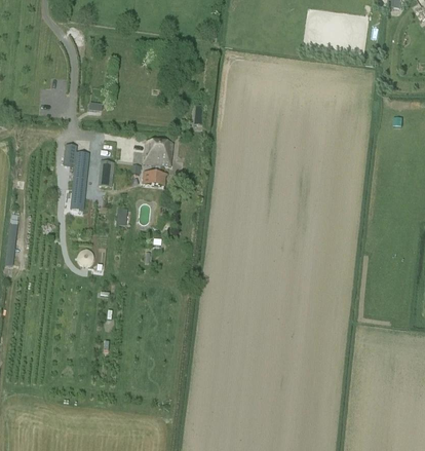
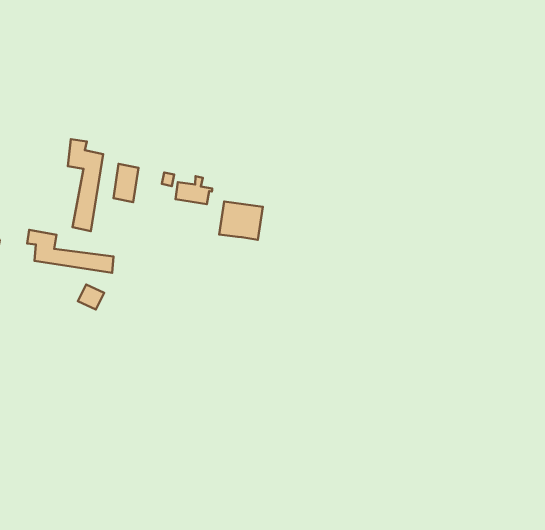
building: [142,140,171,165] -> [219,201,263,240]
building: none -> [27,230,114,273]

